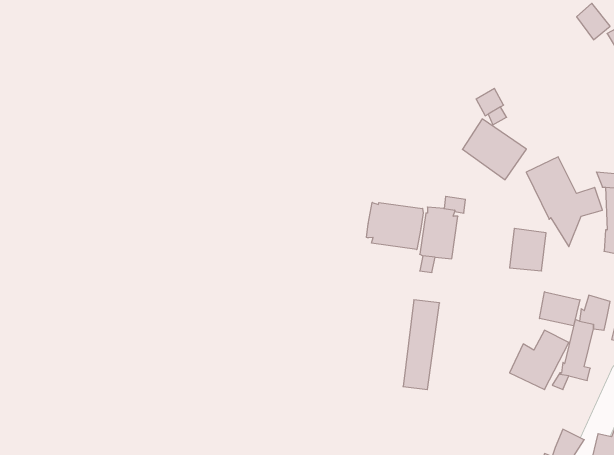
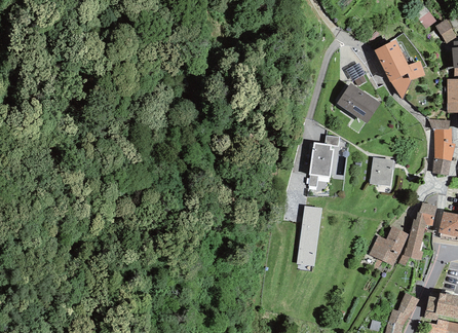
building: [526,157,602,247] -> [374,40,425,101]
building: [366,202,423,250] -> none
building: [540,292,580,326] -> none

